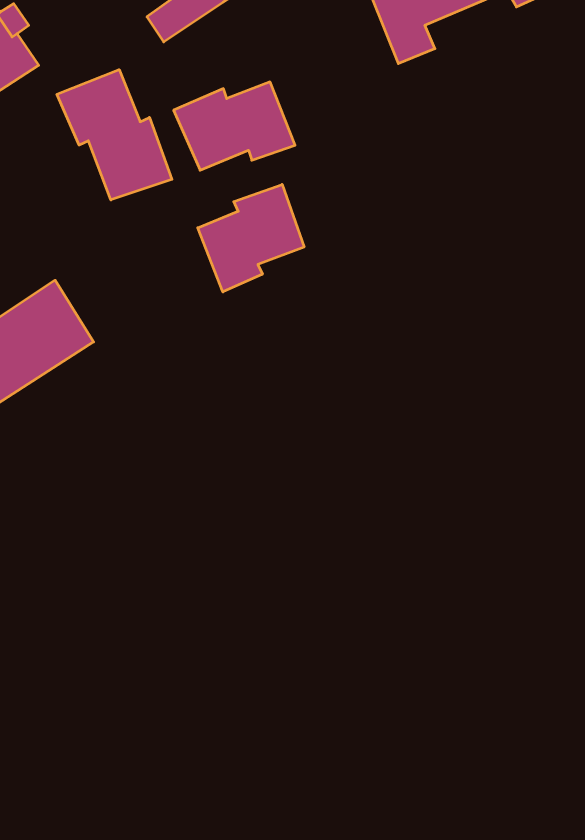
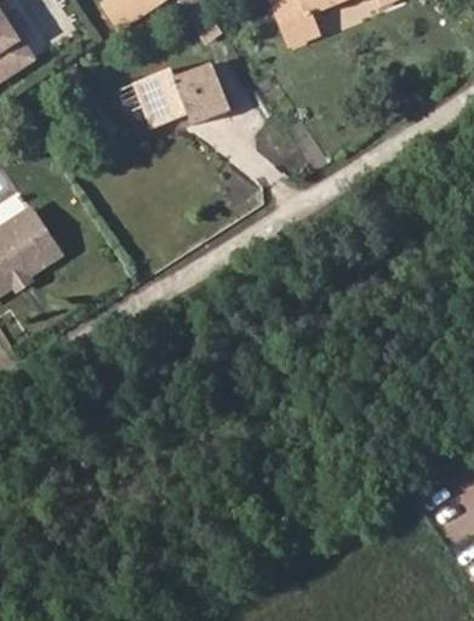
building: [57,70,172,200] -> none
building: [198,184,304,292] -> none

